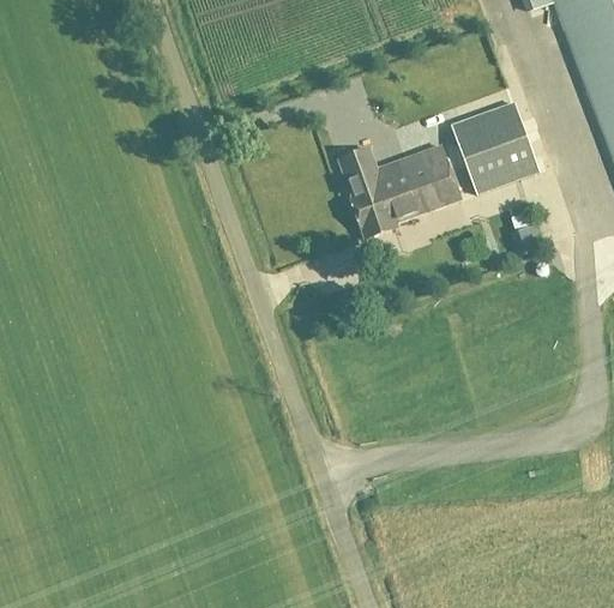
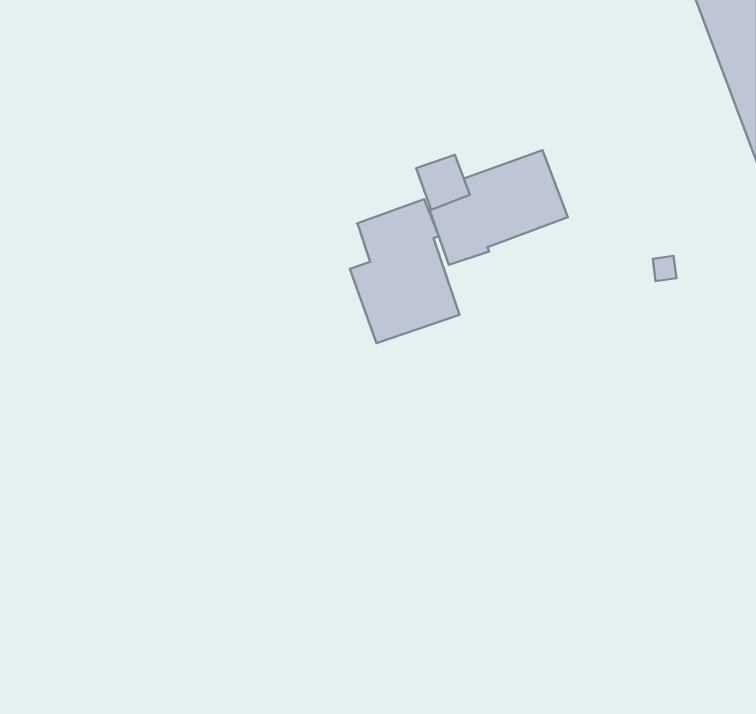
building: [451,101,538,192] -> none
building: none -> [350,199,460,343]

